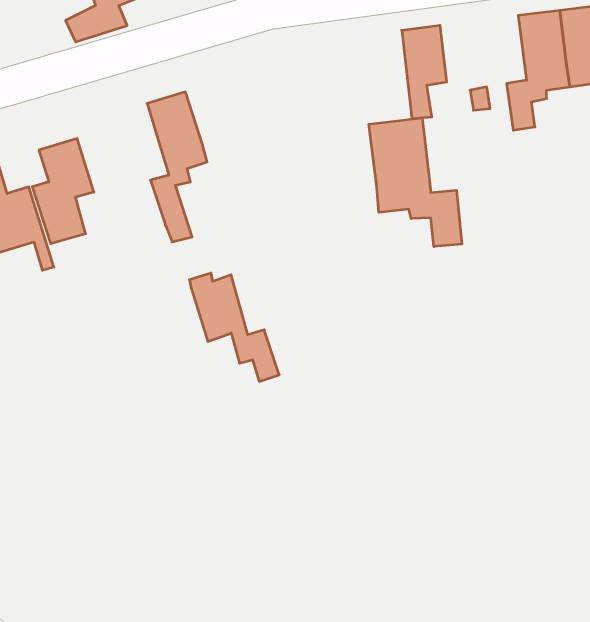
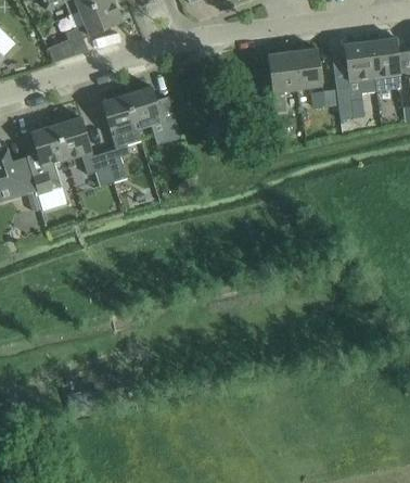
building: none -> [292,48,322,88]
building: none -> [126,86,180,144]
building: [369,118,462,247] -> none
building: [189,273,279,381] -> [54,115,113,186]

